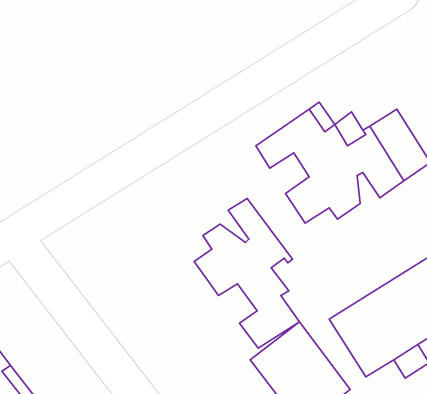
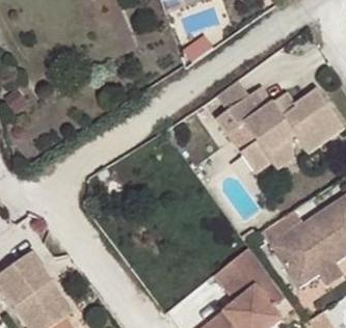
building: [194,199,299,348] -> none

